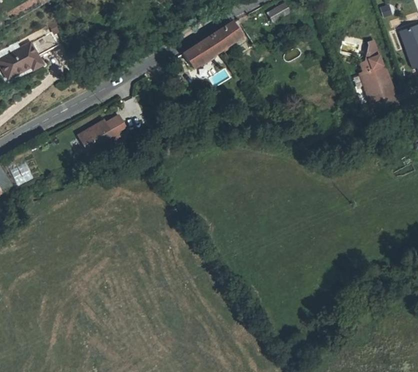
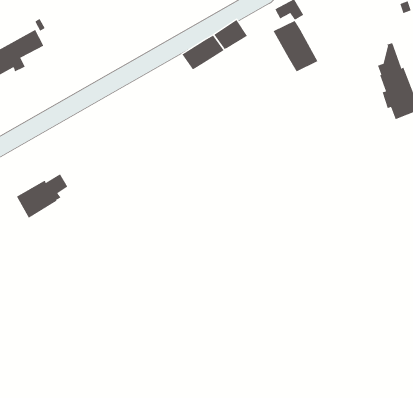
building: none -> [273,20,318,72]
building: [78,114,125,155] -> [16,173,68,219]

